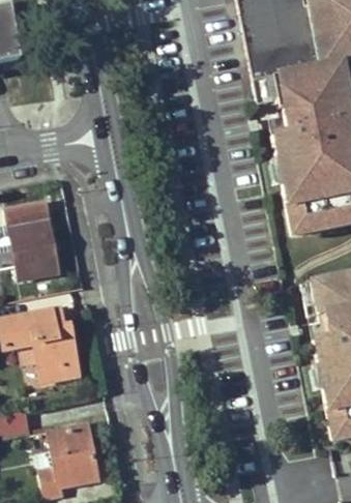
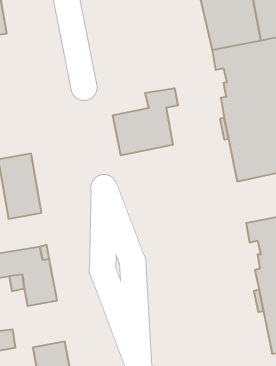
building: none -> [113,88,178,155]

